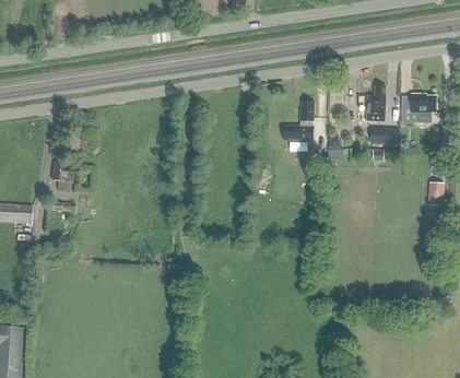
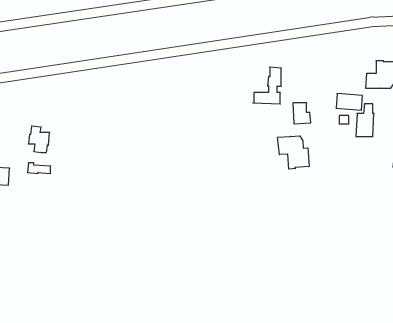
building: [367,86,386,120] -> [356,104,374,137]
building: none -> [277,136,309,169]

